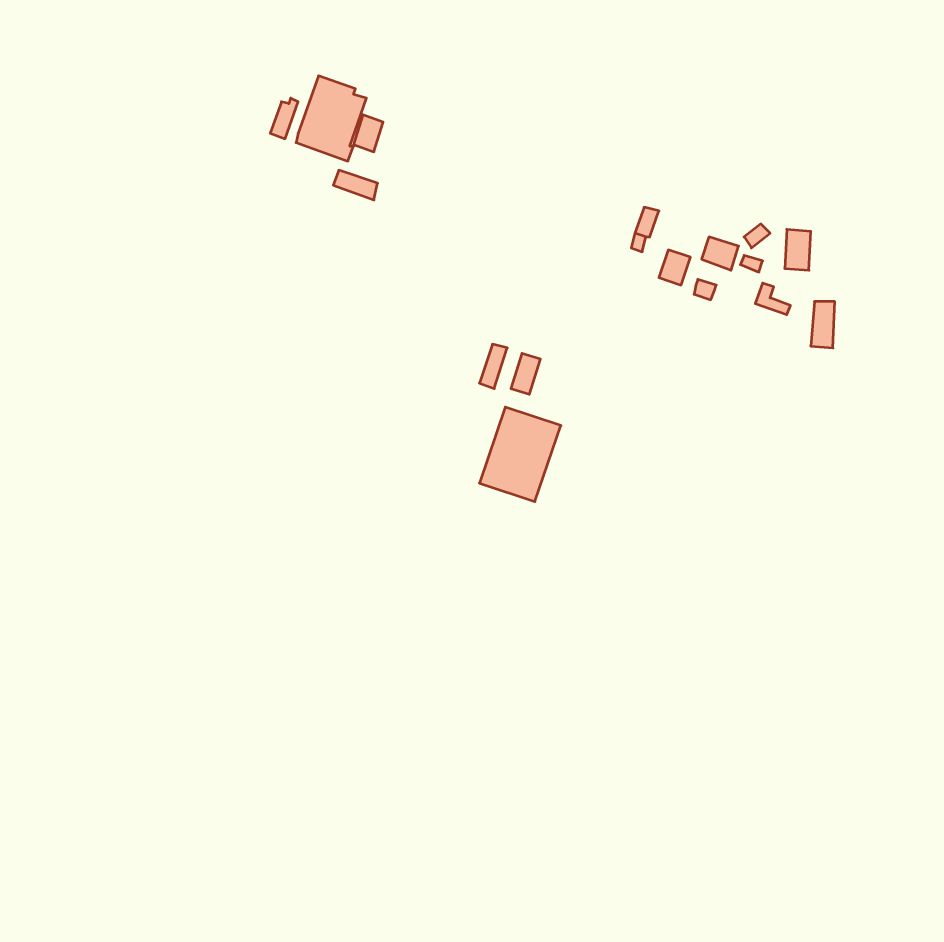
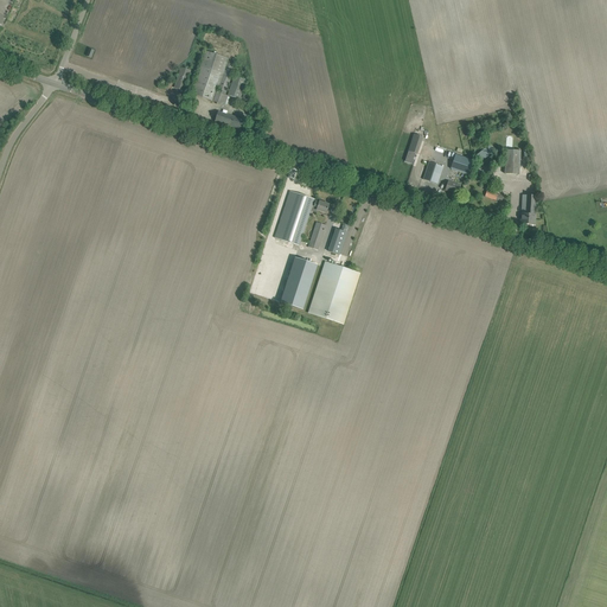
building: none -> [274,190,328,244]
building: none -> [279,256,317,308]

